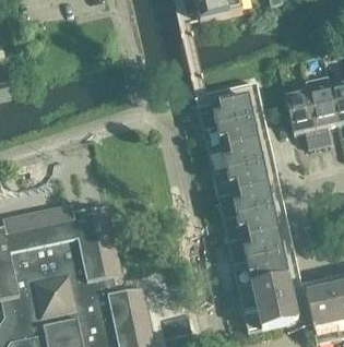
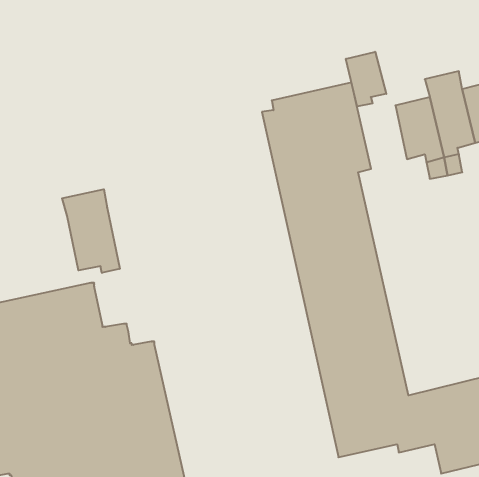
building: none -> [346,52,386,107]
building: none -> [62,189,120,273]

